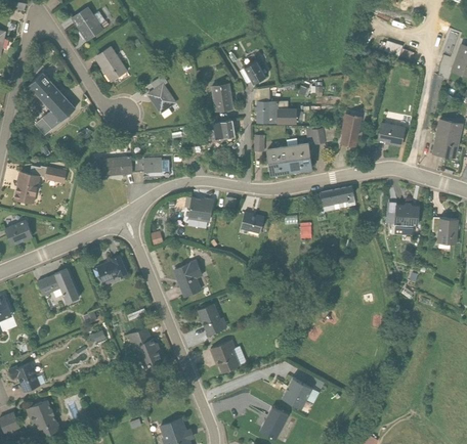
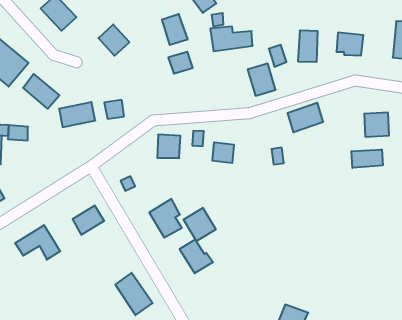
building: none -> [23,74,59,109]
building: [265,144,292,175] -> none
building: none -> [352,149,383,168]
building: none -> [184,208,216,241]
building: [209,340,240,373] -> none

